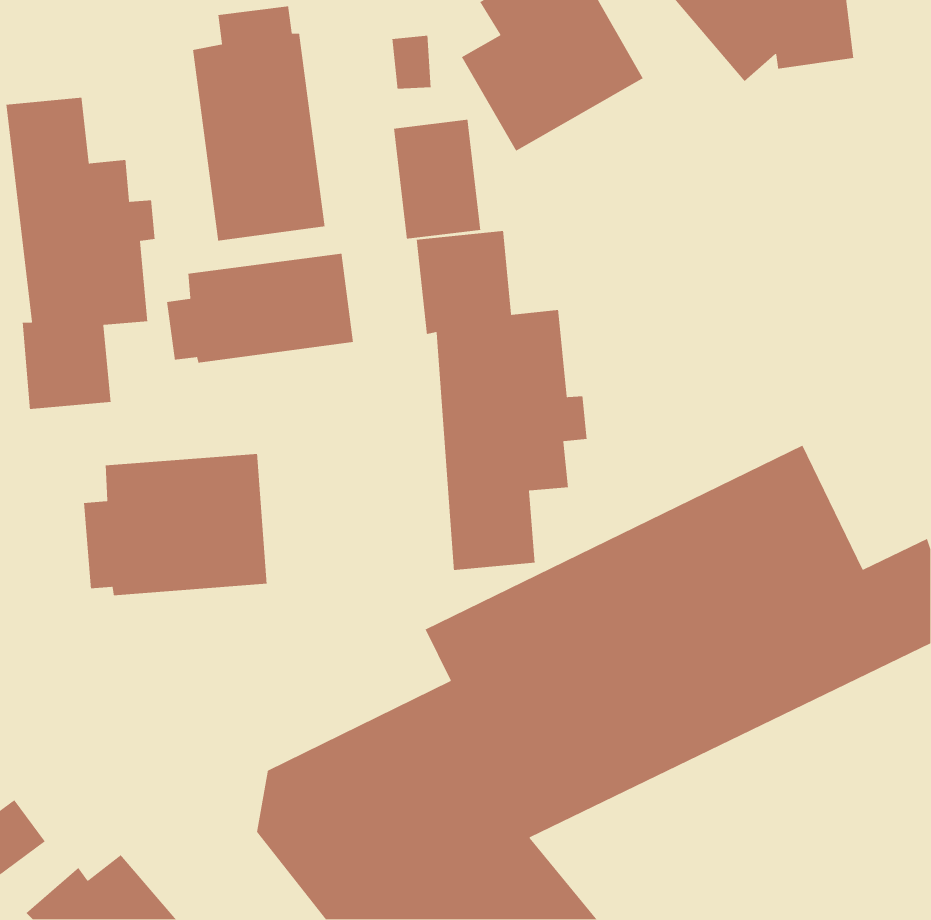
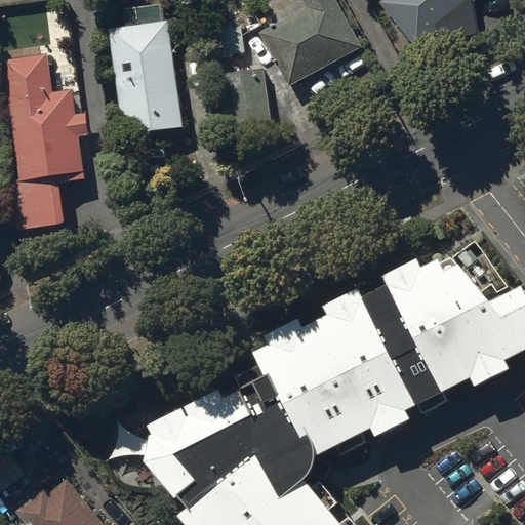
building: [416,230,588,571] -> none
building: [166,253,354,364] -> none
building: [83,453,268,596] -> none

